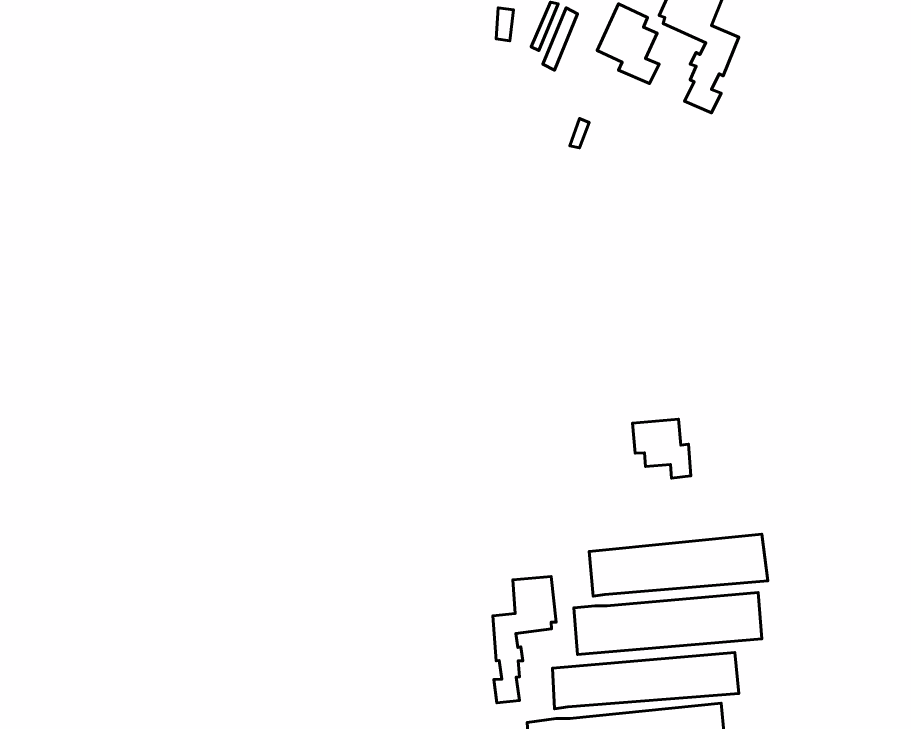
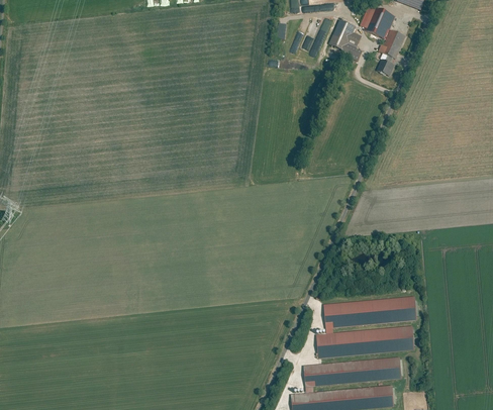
building: [632,419,691,478] -> none
building: [493,576,556,703] -> none

